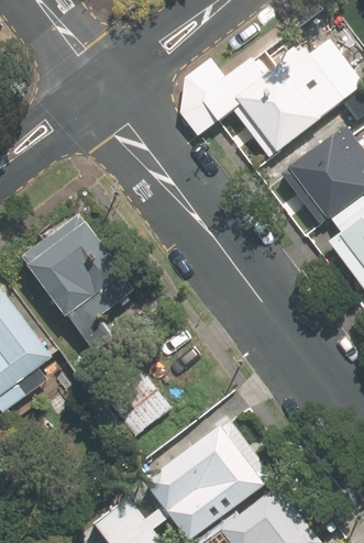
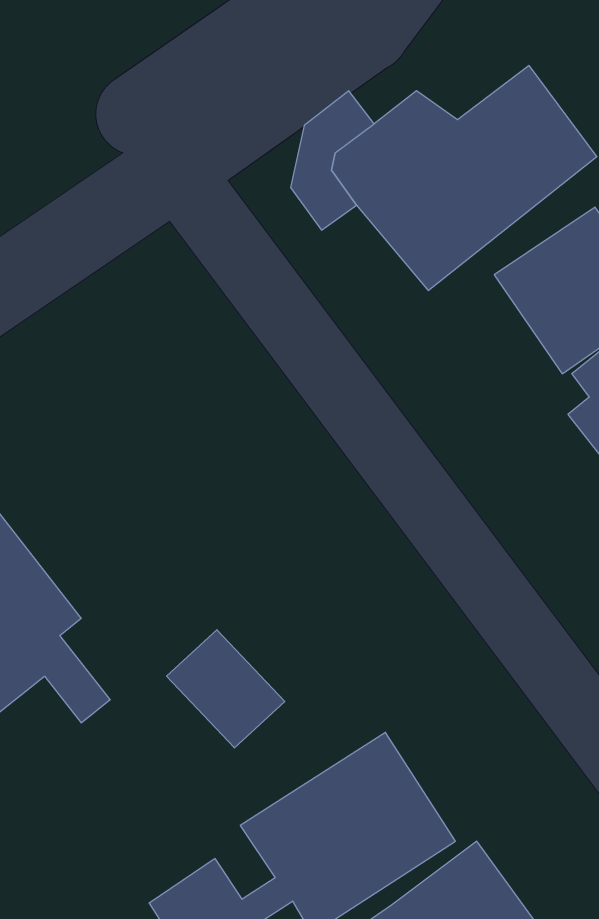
building: [18,213,133,362] -> none

